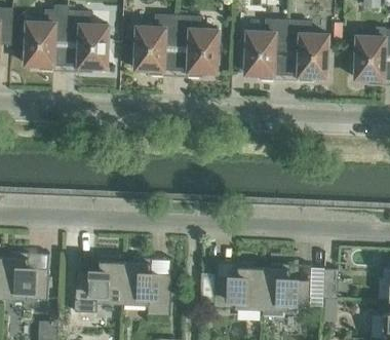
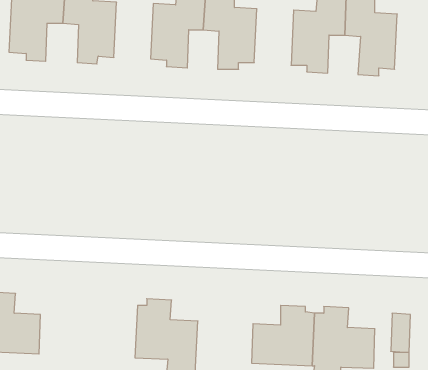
building: [73,256,123,303] -> none

